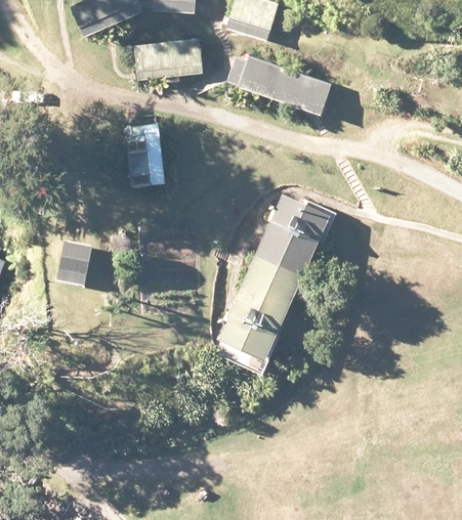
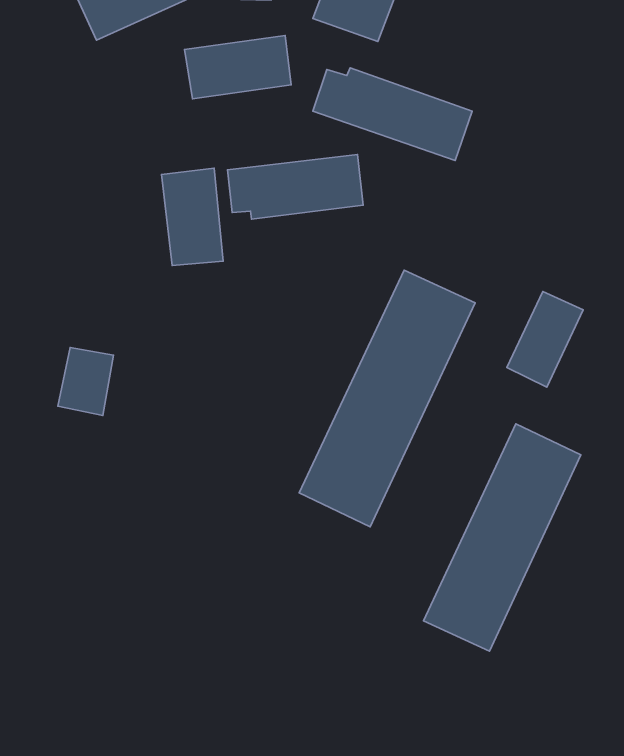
building: none -> [228,155,363,219]
building: none -> [507,291,583,387]
building: none -> [423,424,581,651]

